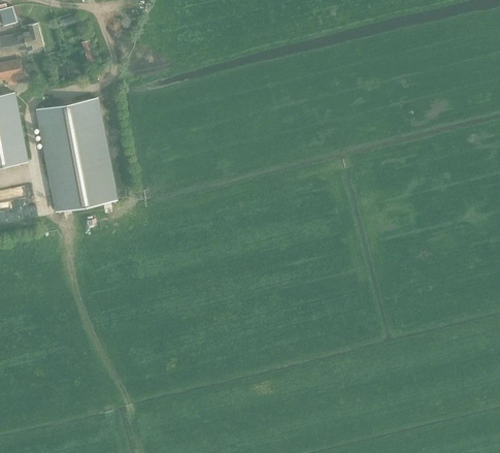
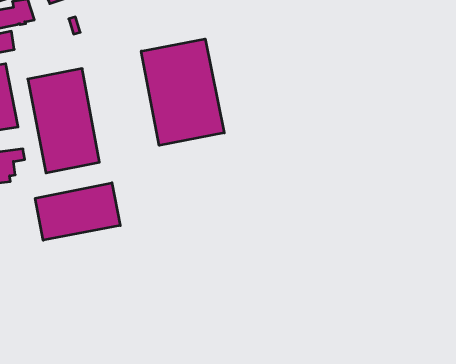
building: none -> [141,39,224,145]
building: none -> [35,183,120,240]

